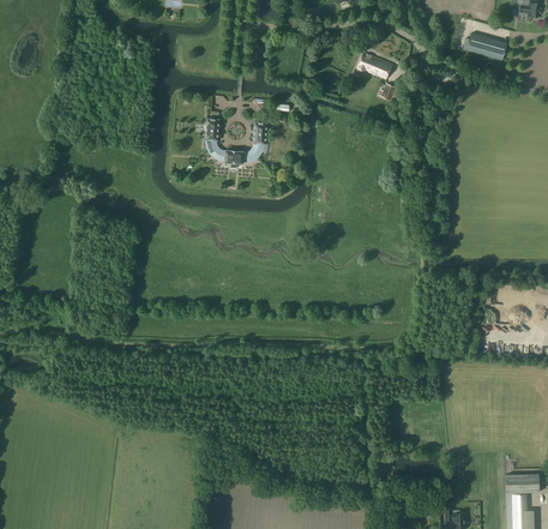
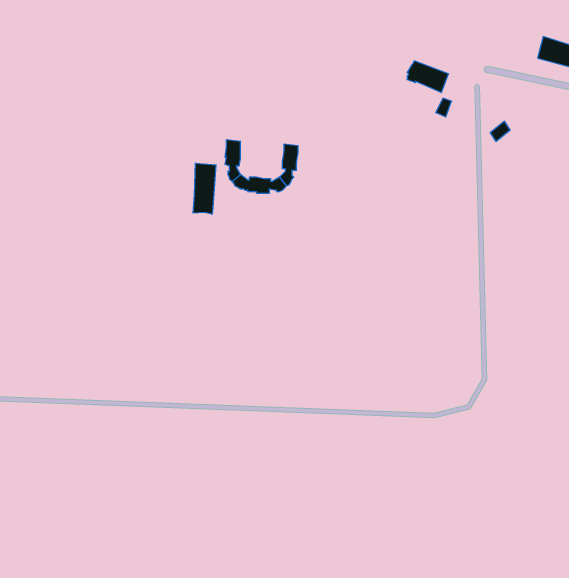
building: none -> [193,163,216,214]

